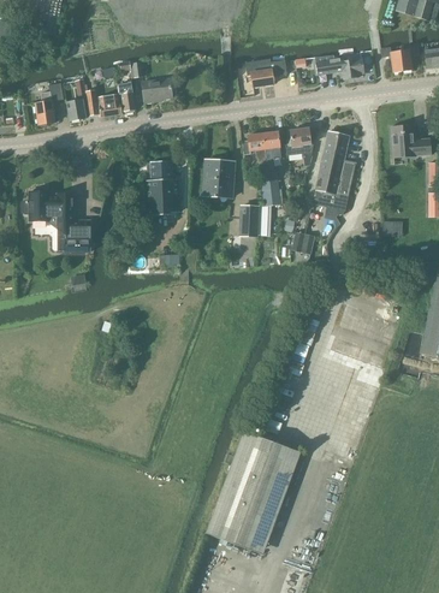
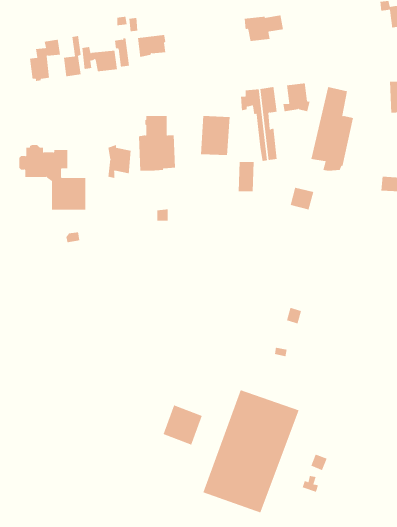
building: [315,54,363,78] -> none
building: none -> [108,144,131,179]
building: none -> [163,405,203,446]

